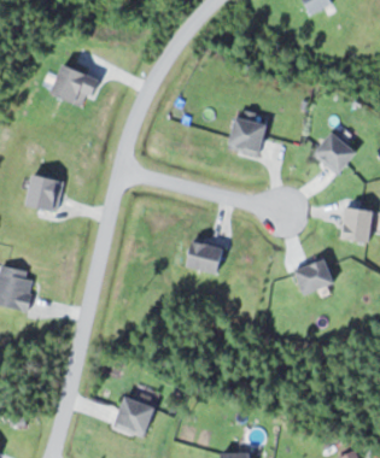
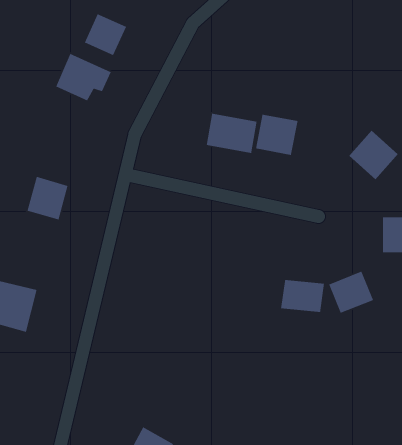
building: none -> [84,13,127,56]
building: none -> [206,113,258,154]
building: [183,242,223,272] -> [280,279,325,313]

